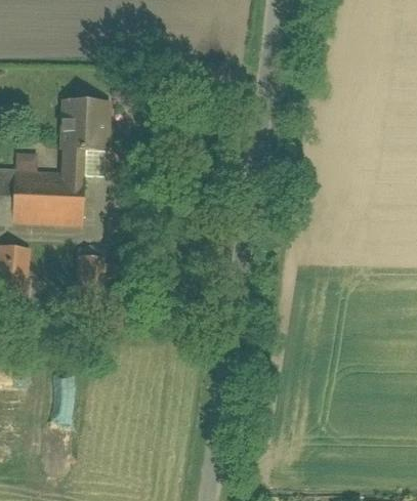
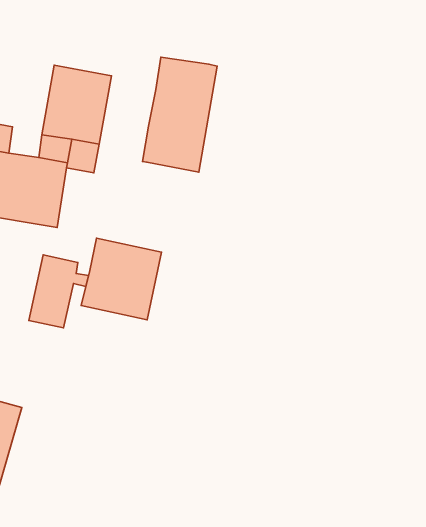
building: none -> [143,57,217,172]
building: none -> [81,238,161,320]

